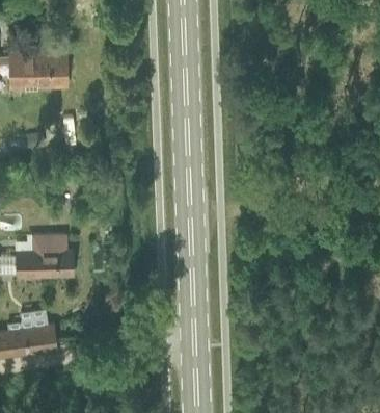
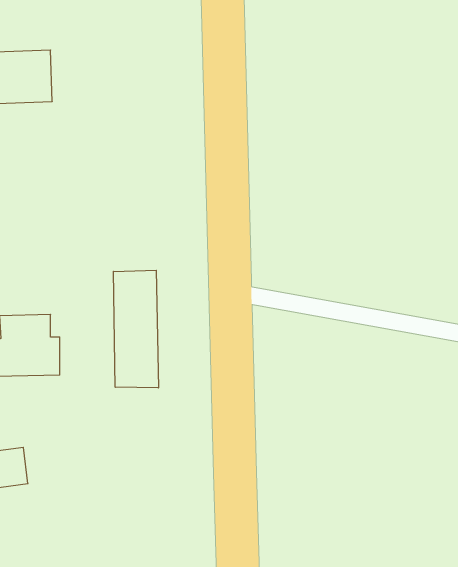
building: none -> [113,270,158,388]

